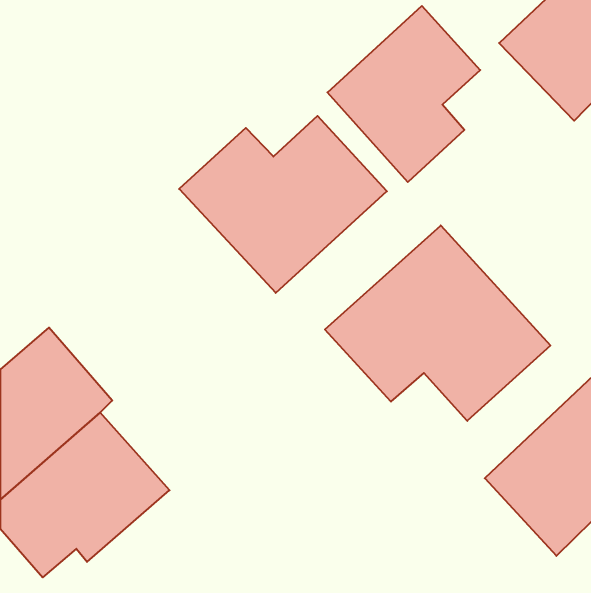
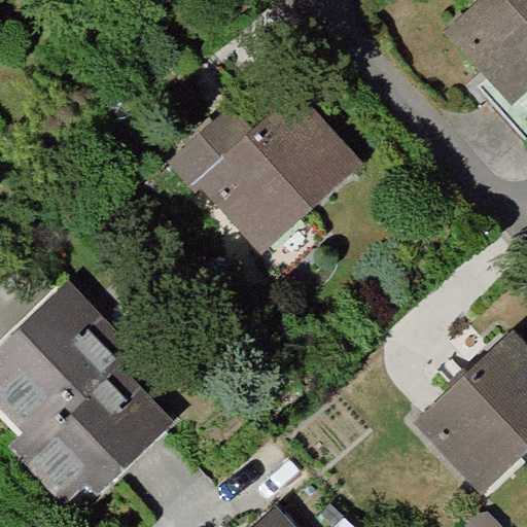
building: [327,6,480,182] -> none
building: [325,225,550,421] -> none

